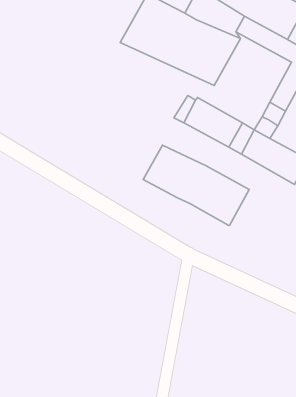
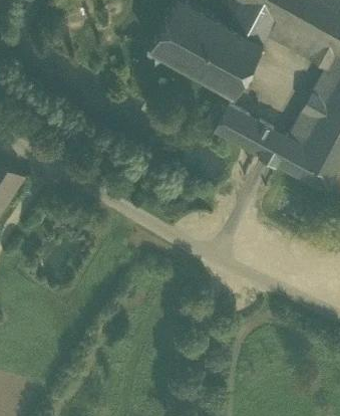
building: [143,145,249,225] -> none

